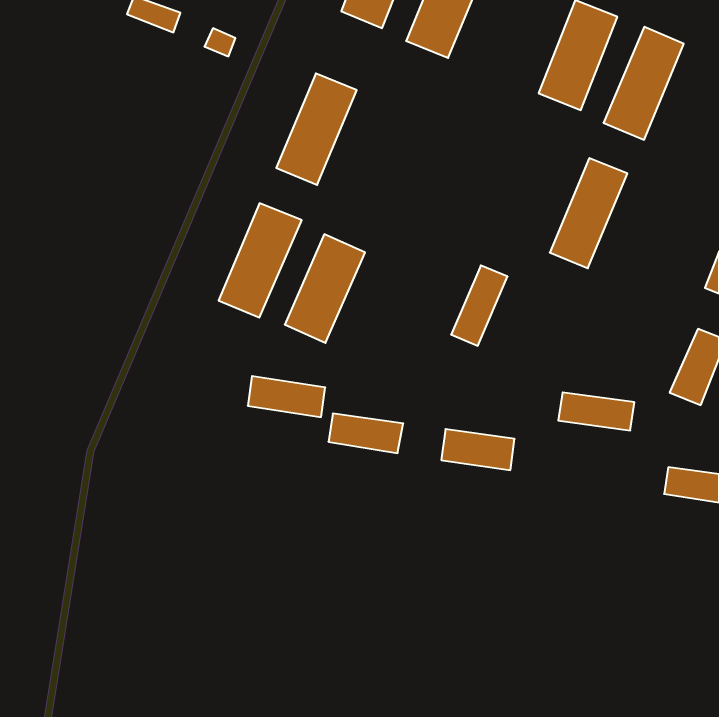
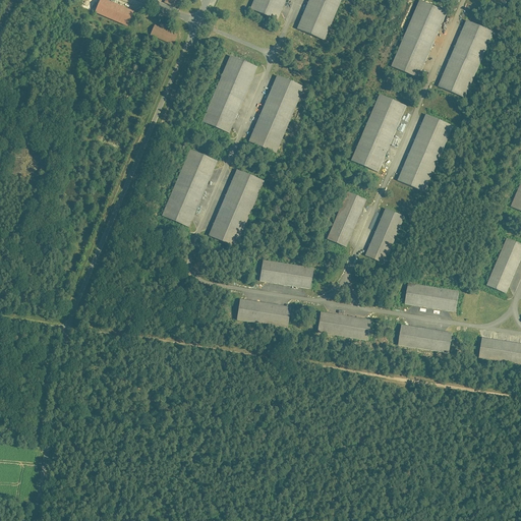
building: none -> [246,73,305,154]
building: none -> [349,94,406,171]
building: none -> [364,206,407,265]
building: [248,376,325,417] -> [257,258,313,288]
building: none -> [399,323,450,351]

